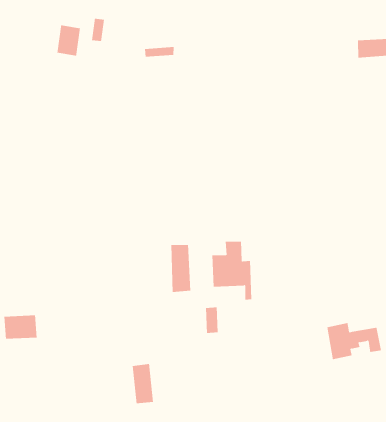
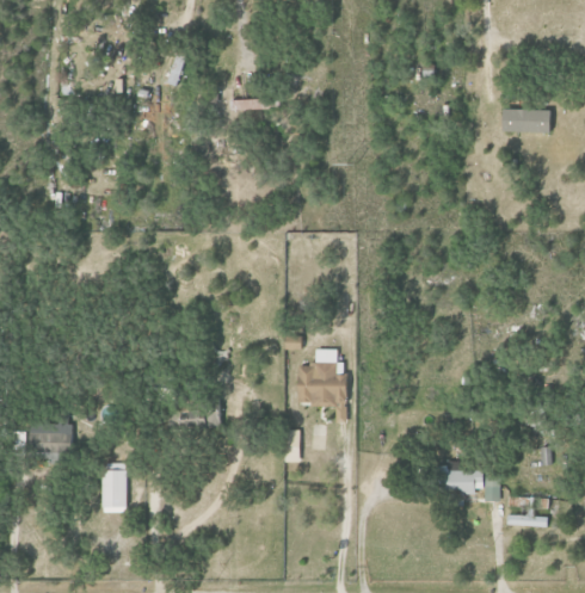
building: [57,25,80,56] -> none
building: [171,244,191,293] -> none
building: [132,364,154,404] -> [103,463,127,512]

